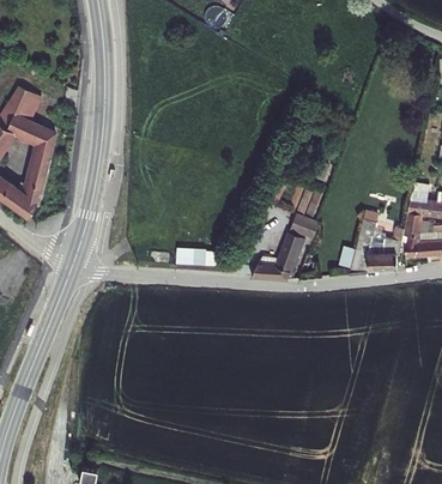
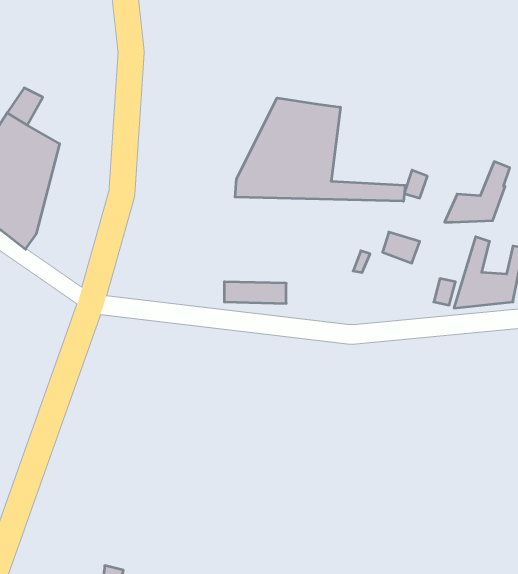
building: none -> [235,98,405,201]
building: [260,225,310,272] -> [445,162,510,222]

